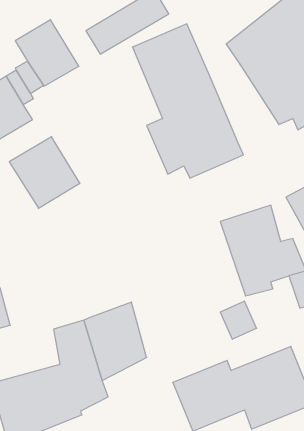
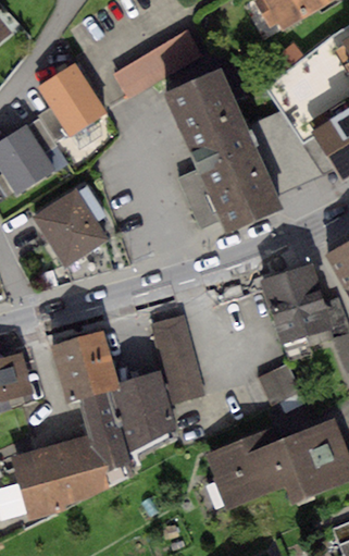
building: none -> [248,111,321,196]
building: none -> [150,314,205,403]
building: none -> [52,331,119,400]

